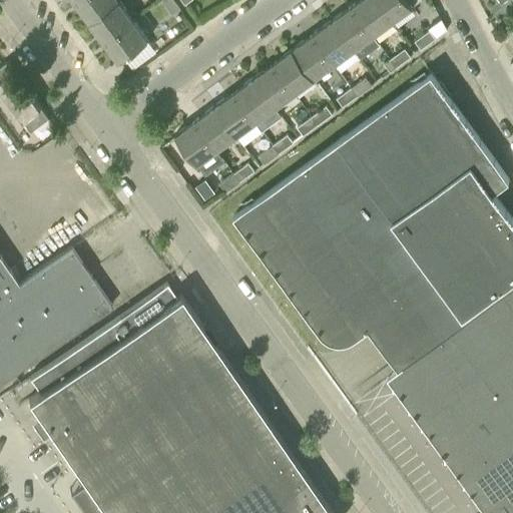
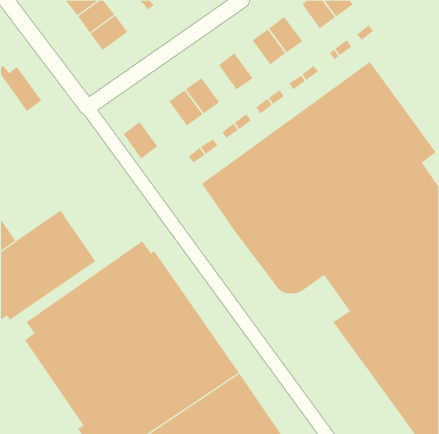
building: [332,11,373,54] -> none
building: [274,53,315,97] -> none
building: [235,82,282,134] -> none
building: [176,124,217,168] -> [123,121,158,159]

